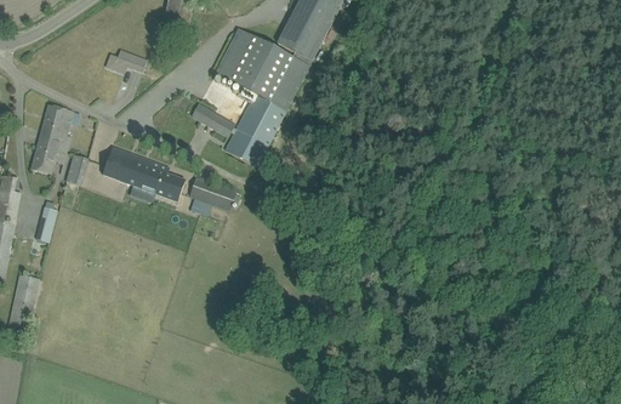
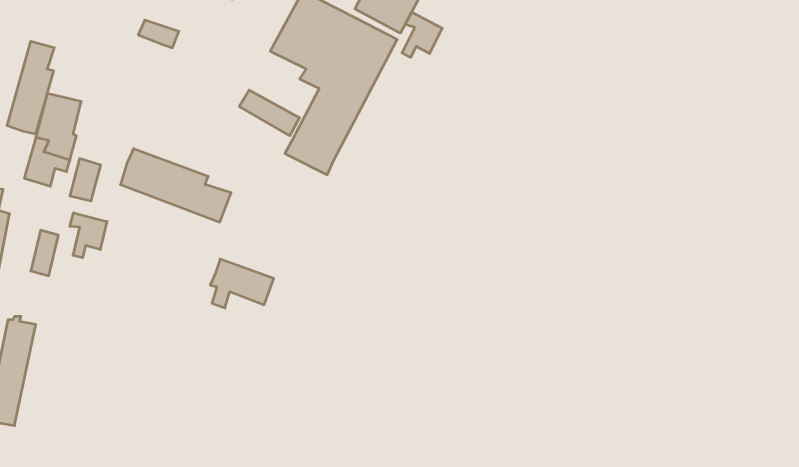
building: none -> [402,12,442,57]
building: none -> [7,41,54,134]
building: [188,176,235,212] -> [210,259,274,308]
building: none -> [70,213,107,258]

